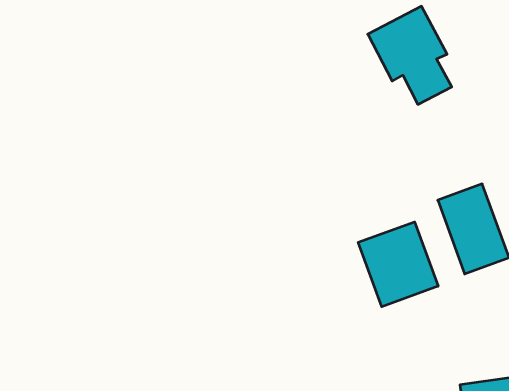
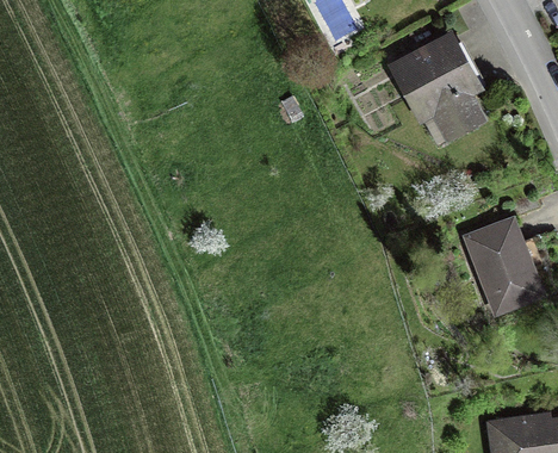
building: [358,222,438,307] -> none

